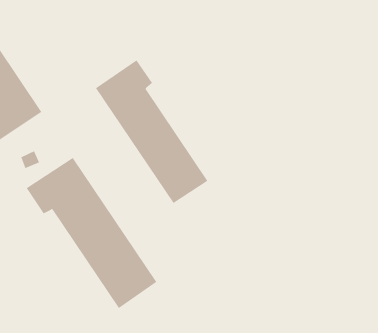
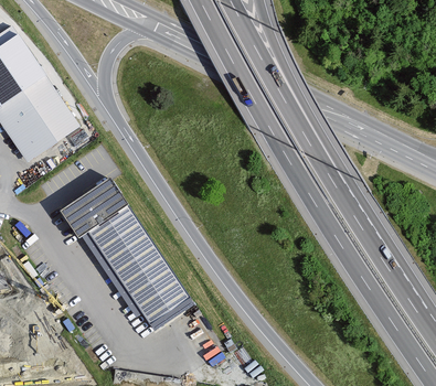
building: [95,59,208,204] -> none

